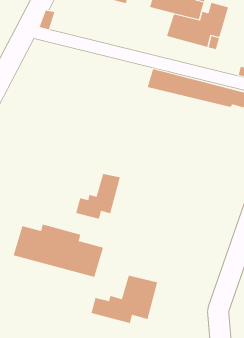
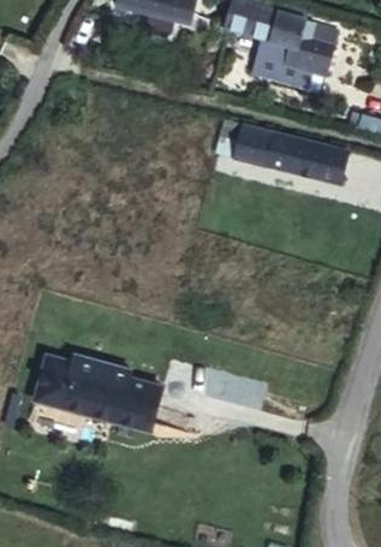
building: [75,173,121,219] -> none
building: [91,275,158,324] -> none

